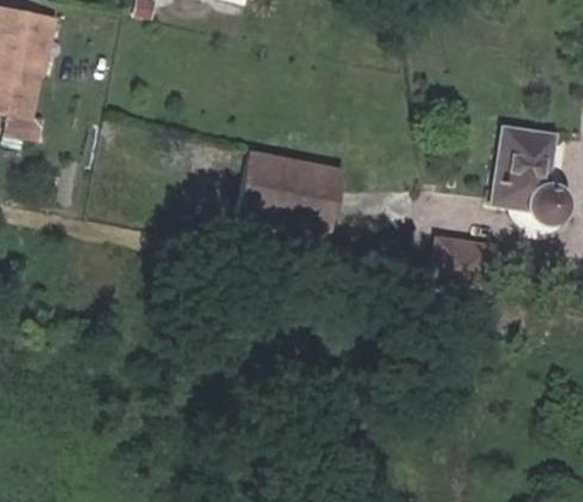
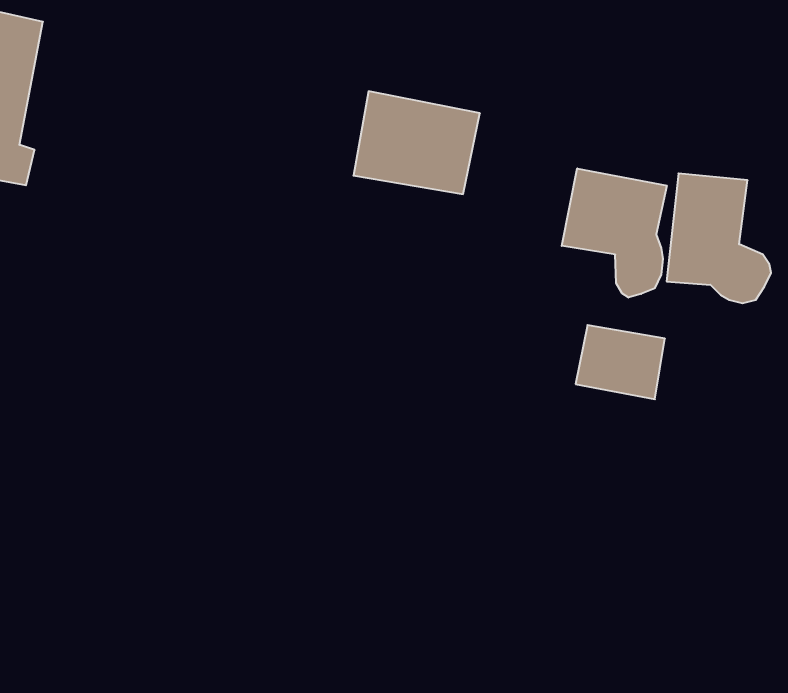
building: none -> [562,168,667,298]
building: [244,151,333,224] -> [353,91,480,194]

